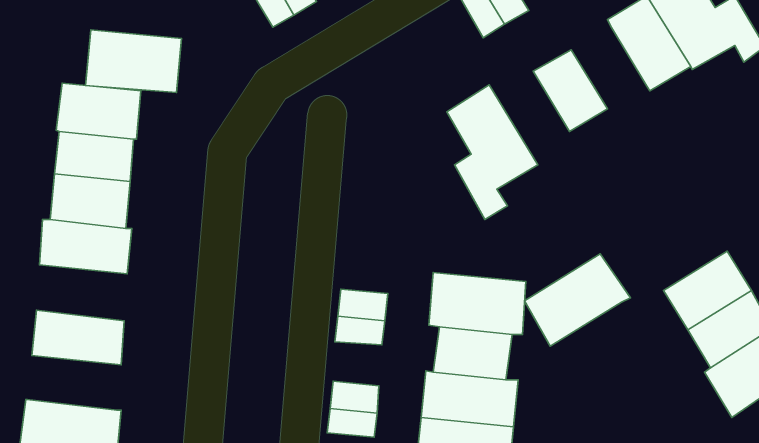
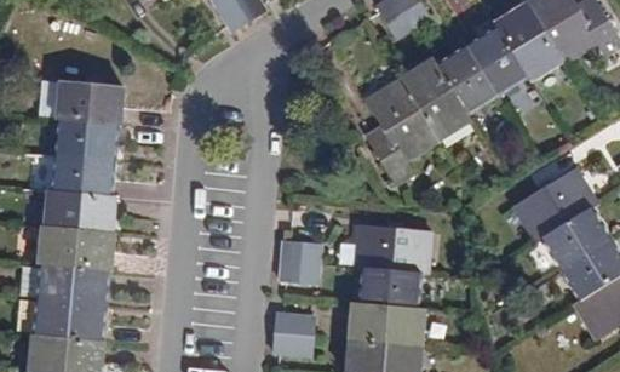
building: none -> [467,27,528,93]
building: [85,30,182,92] -> none
building: none -> [402,56,471,138]
building: [525,254,631,346] -> [515,168,599,242]
building: none -> [36,218,116,263]
building: none -> [33,291,108,334]

